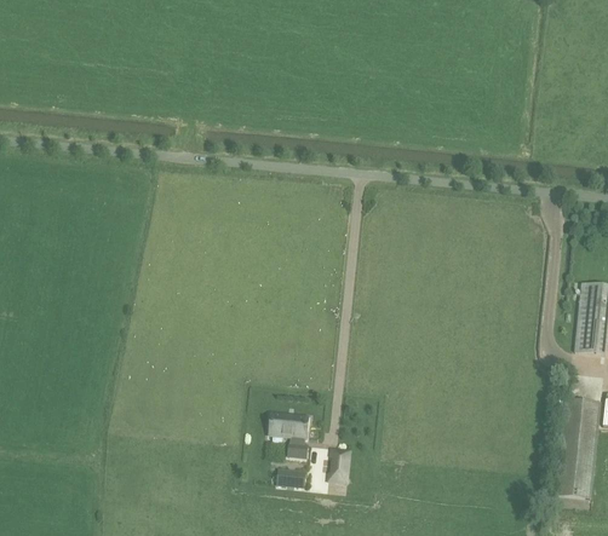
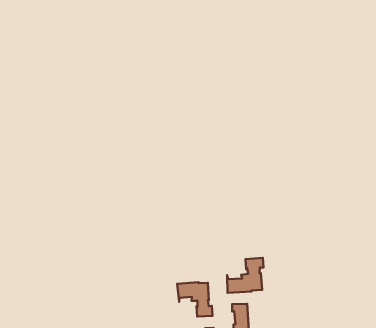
building: none -> [227,258,263,293]

